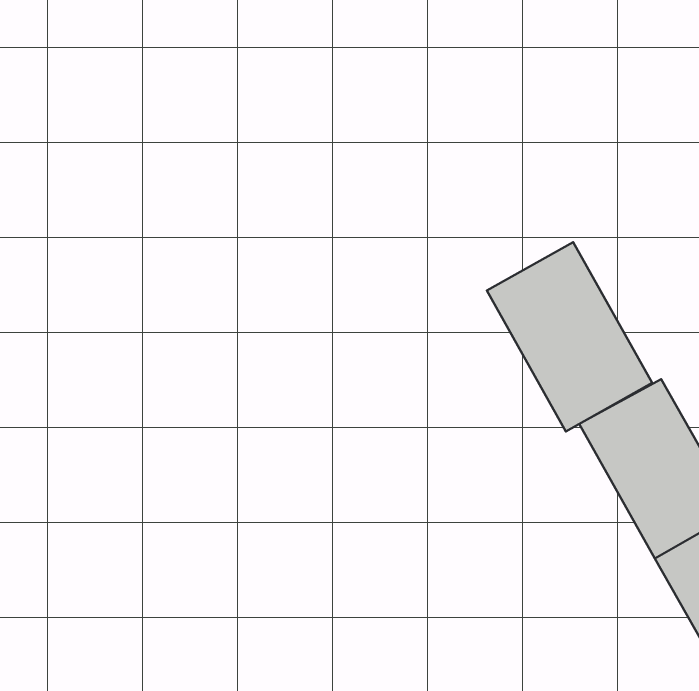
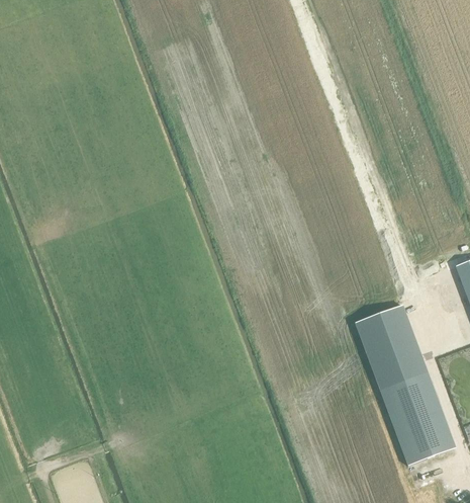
building: [487,242,652,431] -> none

